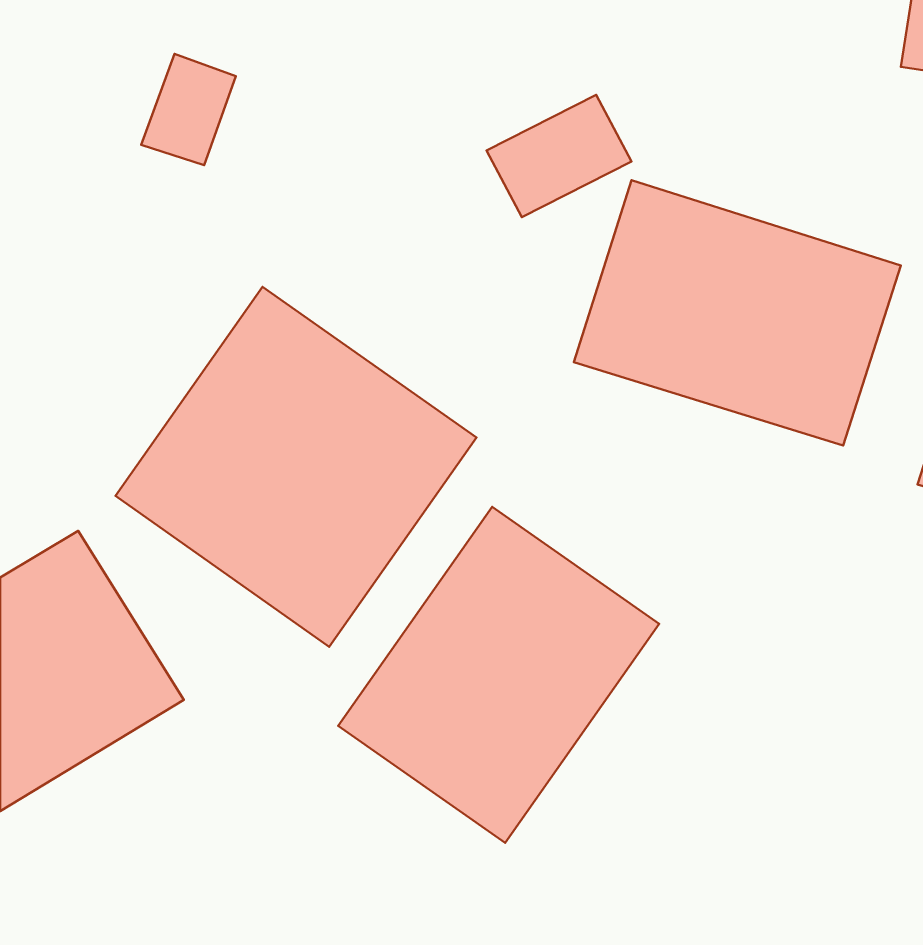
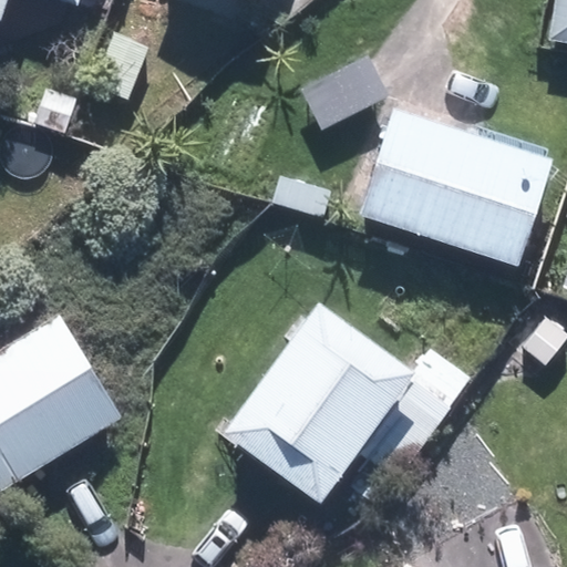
building: [115,287,476,647] -> none

